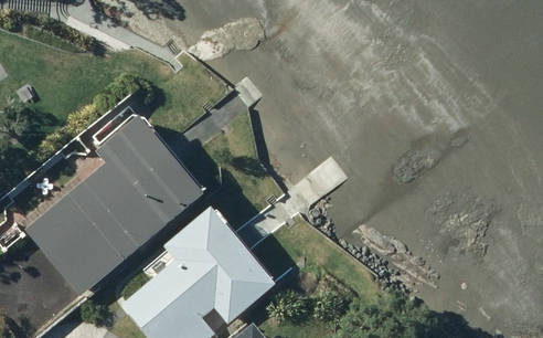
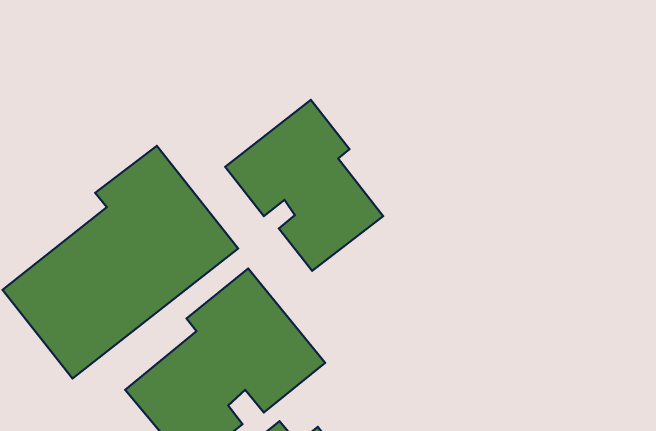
building: none -> [225,100,383,271]

